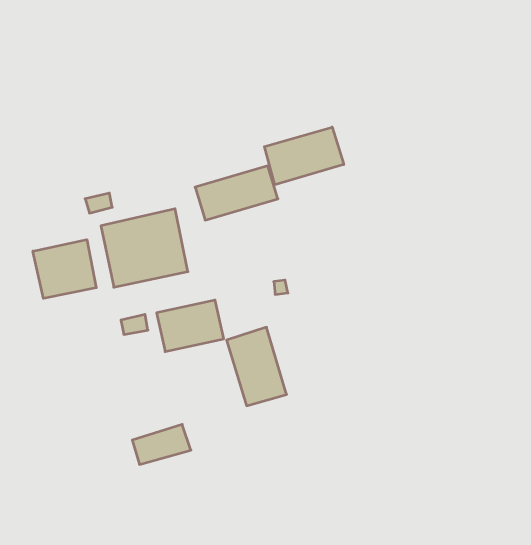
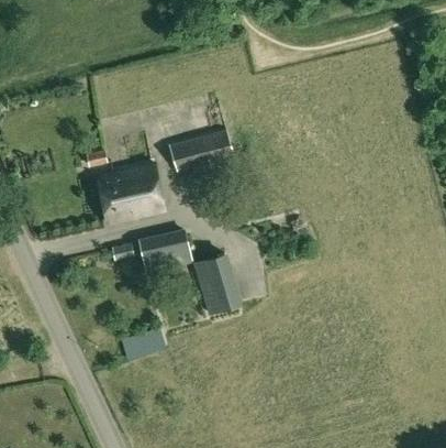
building: [264,127,344,185] -> none
building: [33,240,96,298] -> none

